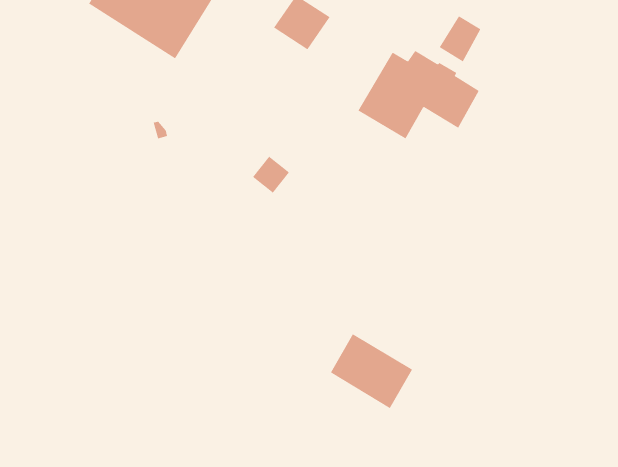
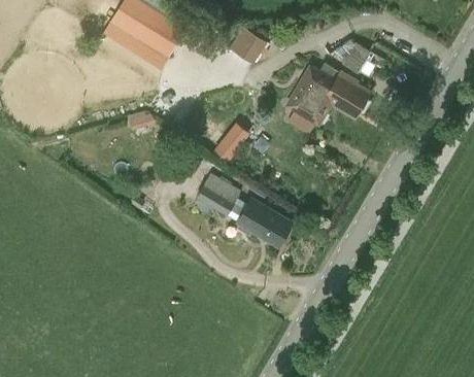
building: none -> [196,172,241,215]
building: [330,333,413,409] -> [236,197,293,248]

